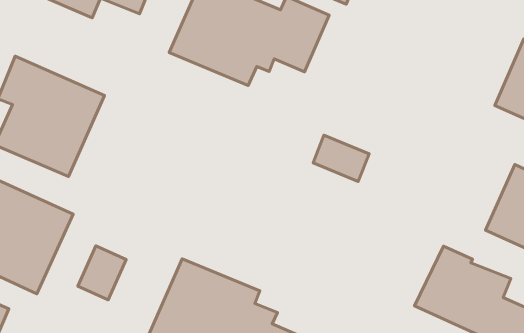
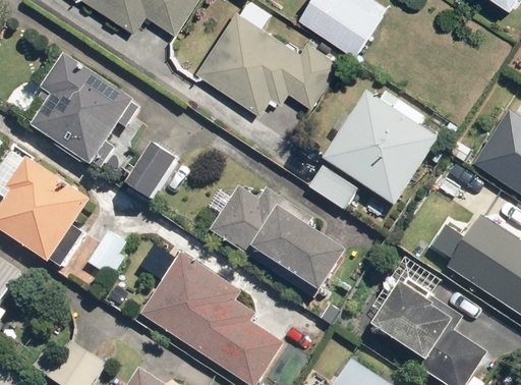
building: none -> [324,90,441,205]
building: none -> [127,141,180,199]
building: none -> [207,184,351,297]

